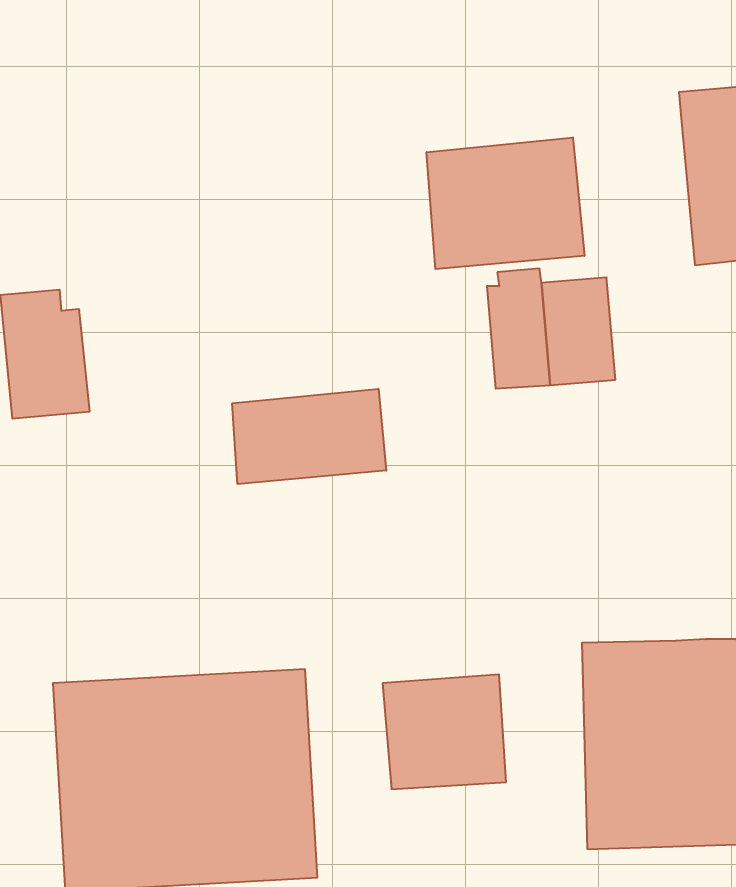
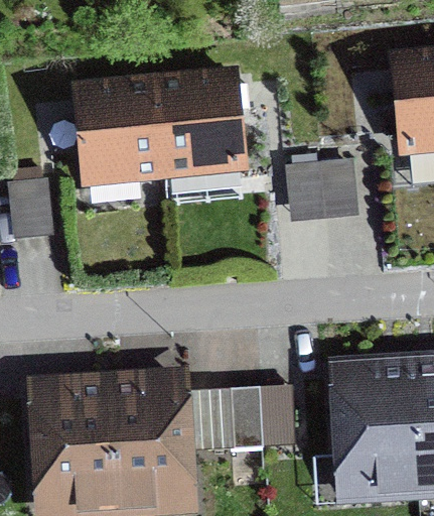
building: none -> [82,72,238,178]
building: [427,137,584,269] -> none
building: [232,389,386,484] -> none

